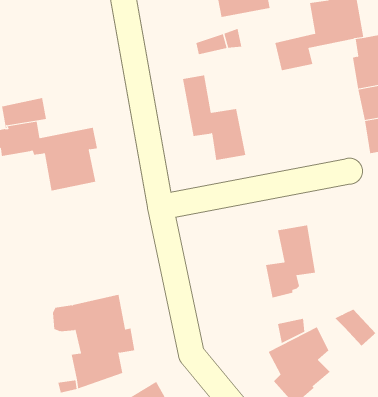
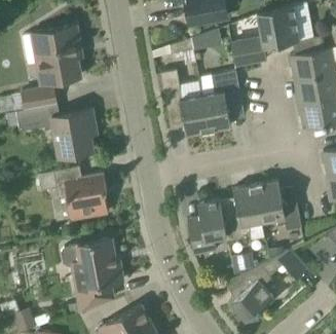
building: none -> [31,26,82,83]
building: none -> [198,71,241,132]
building: none -> [38,166,108,220]
building: none -> [256,181,301,230]
building: none -> [188,200,227,255]

